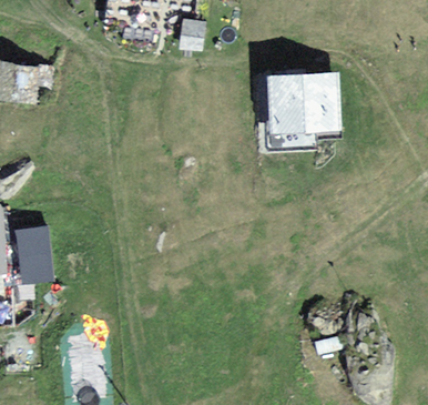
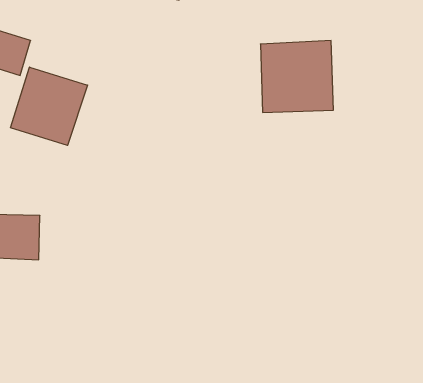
building: none -> [11,67,88,145]

